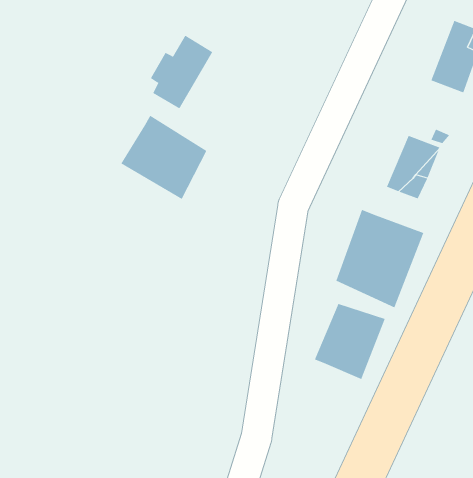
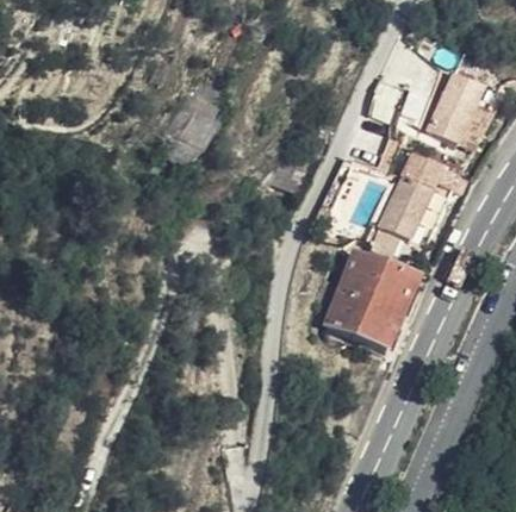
building: [120,115,207,200] -> none
building: [314,303,386,380] -> none

